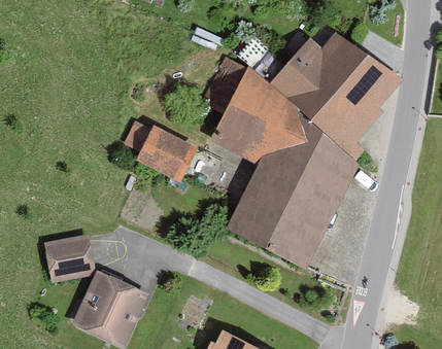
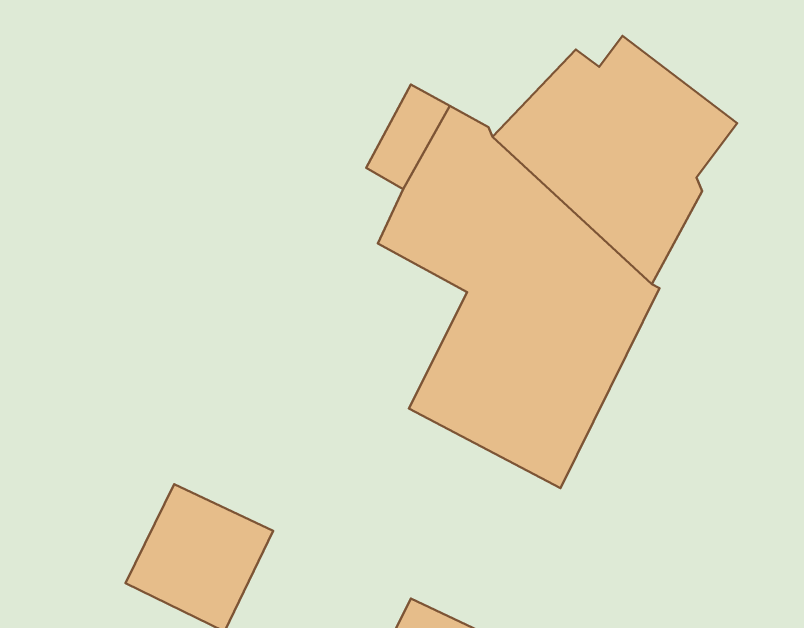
building: [133,126,193,179] -> none
building: [44,232,96,280] -> none

